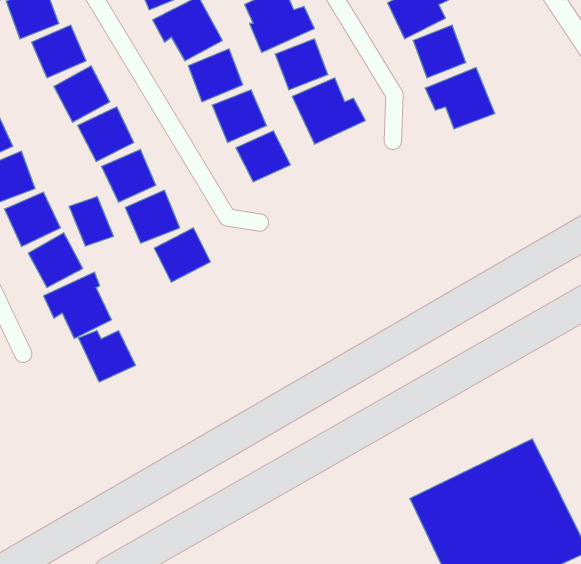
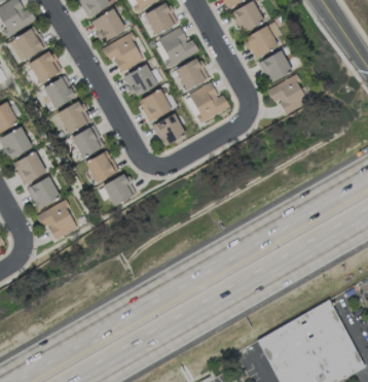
building: [69,196,114,246] -> none
building: [79,330,136,382] -> none

